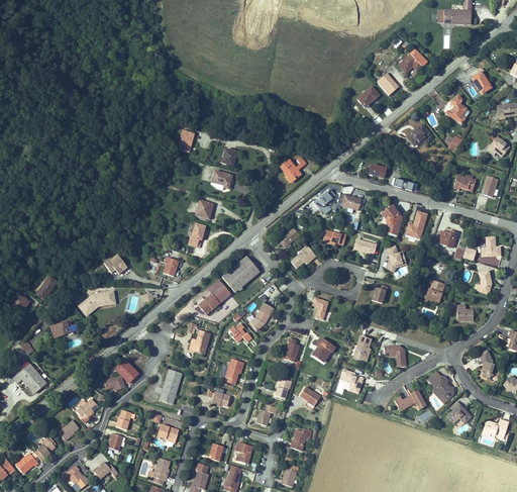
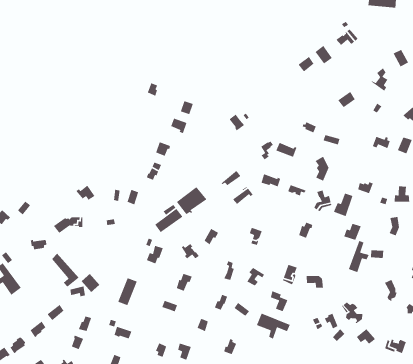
building: [404,211,427,240] -> [333,192,354,217]
building: none -> [348,240,370,273]
building: none -> [51,253,79,288]
building: none -> [256,313,291,340]

